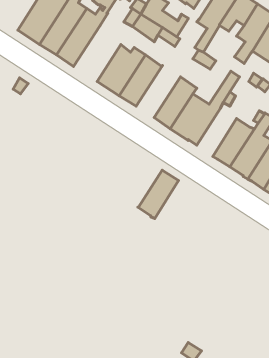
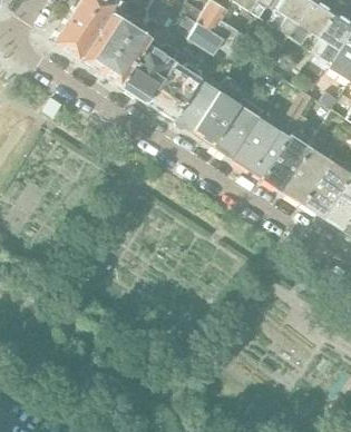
building: none -> [118,36,179,101]
building: none -> [192,82,244,144]
building: [138,170,178,219] -> [262,132,310,189]

